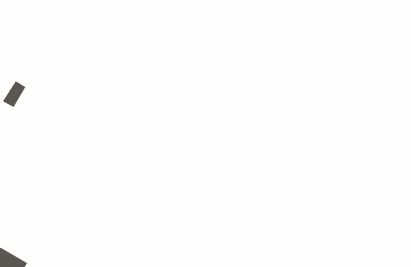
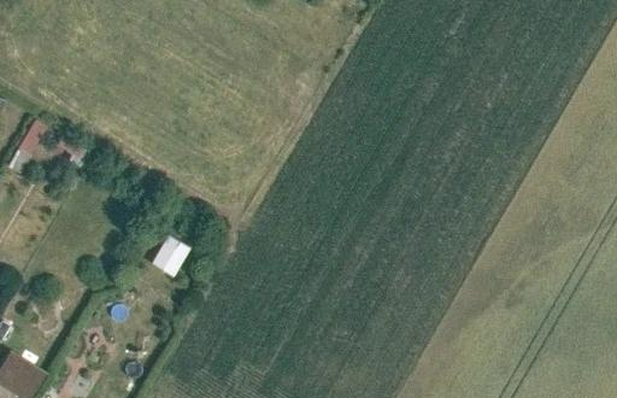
building: none -> [154,236,192,277]

